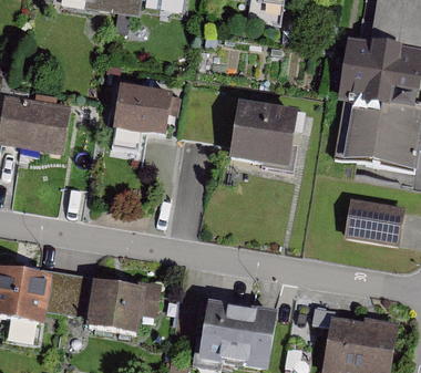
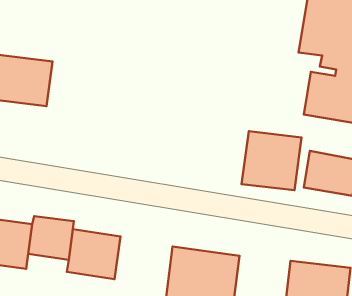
building: [114,84,171,133] -> none
building: [232,102,297,166] -> [242,131,302,190]

